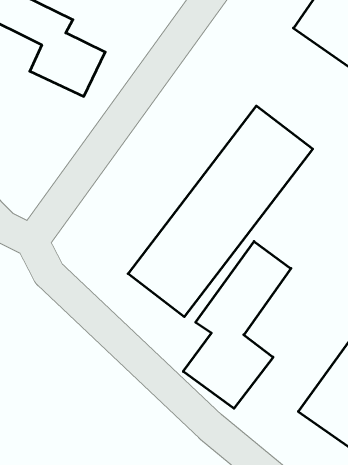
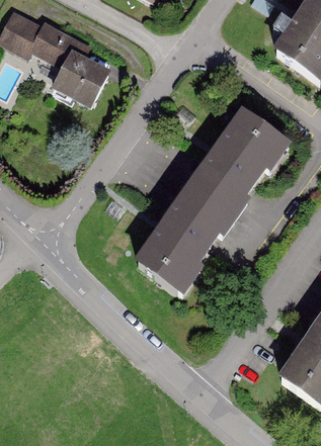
building: [183,241,291,408] -> none

